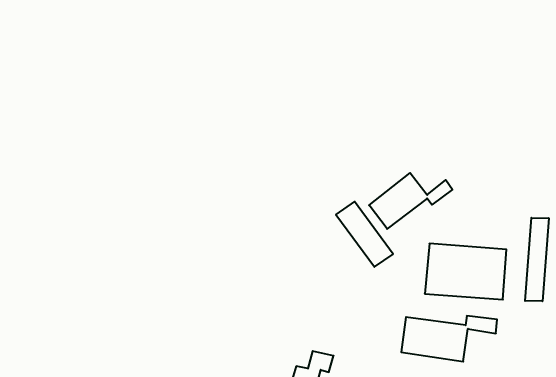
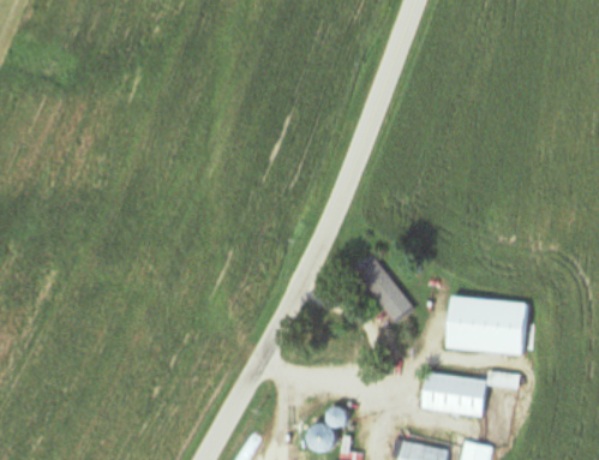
building: [369,173,452,229] -> none
building: [525,218,549,301] -> none

